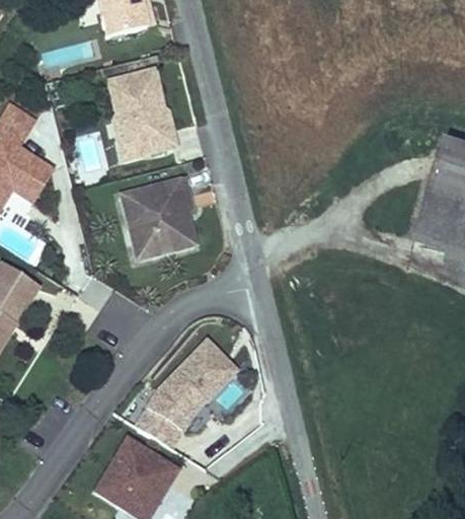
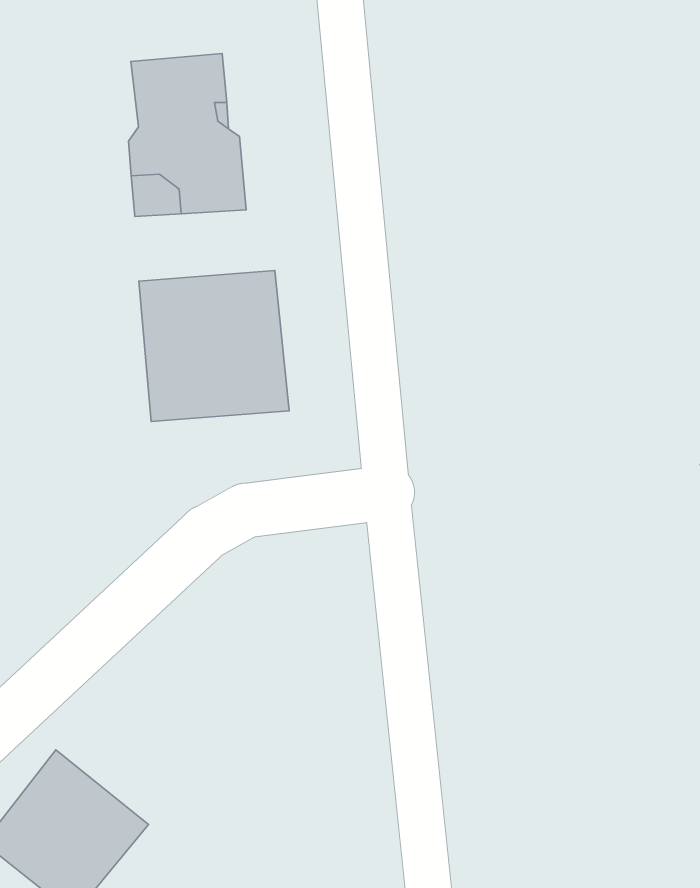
building: [136,338,233,442] -> none

